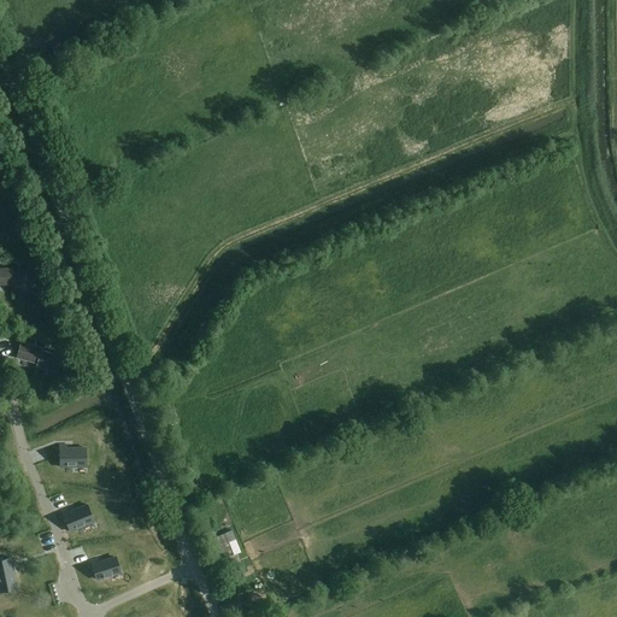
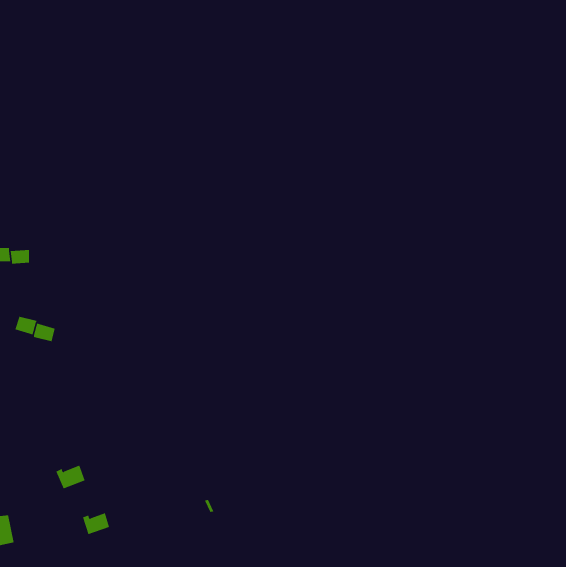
building: [58,446,84,468] -> none

